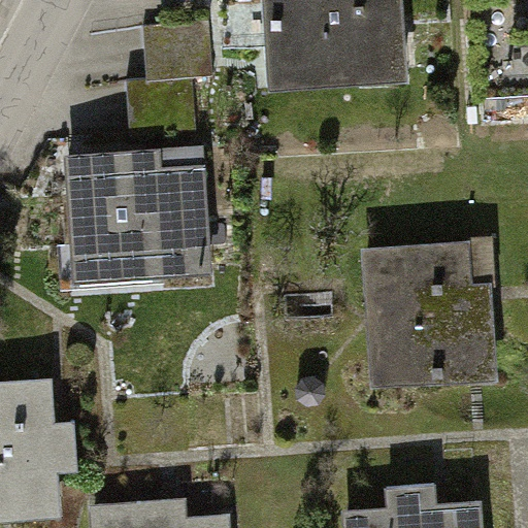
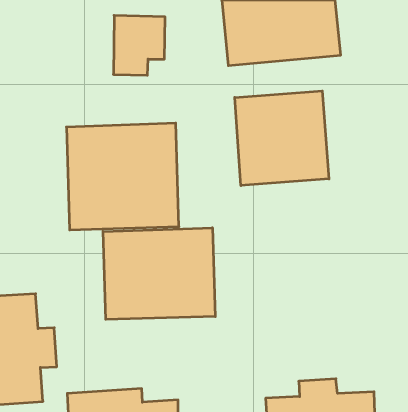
building: none -> [235,91,329,186]
building: [358,239,492,384] -> none
building: none -> [103,228,215,319]

